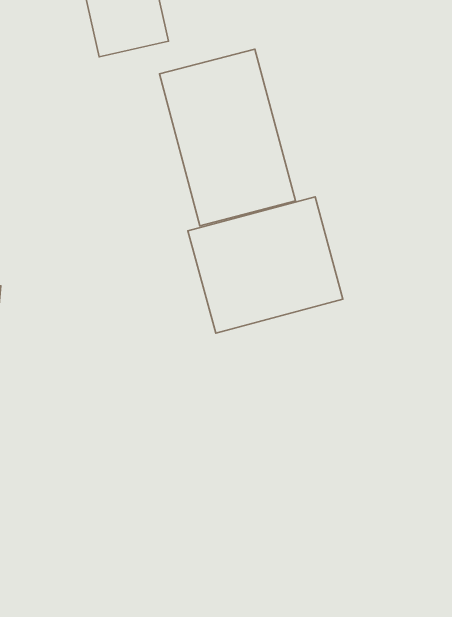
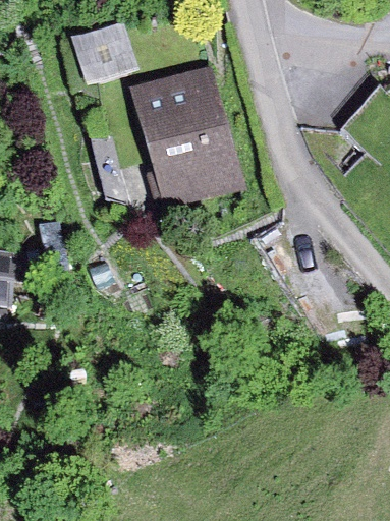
building: [188,197,343,333] -> none

